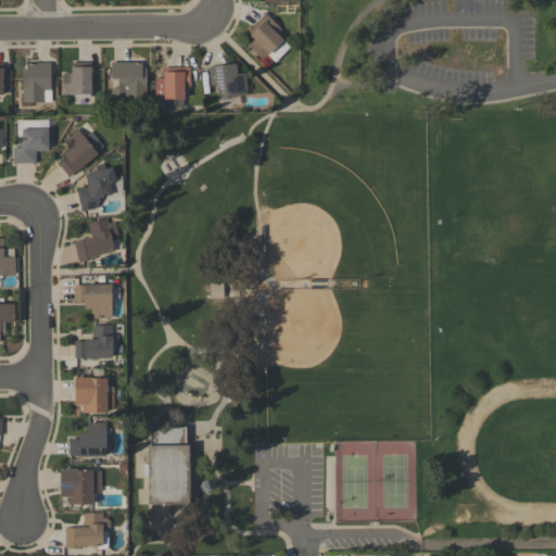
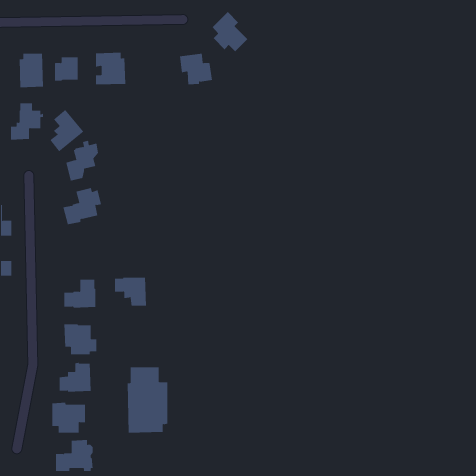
building: [156,66,191,99] -> none
building: [75,283,113,317] -> [114,277,147,306]

